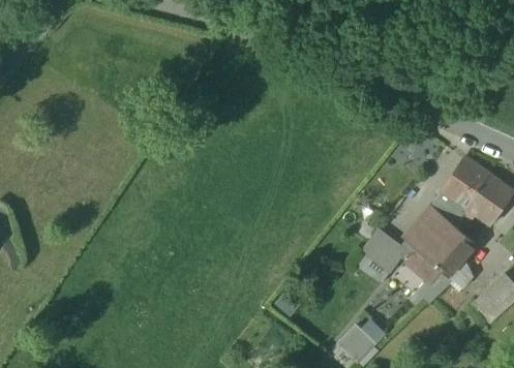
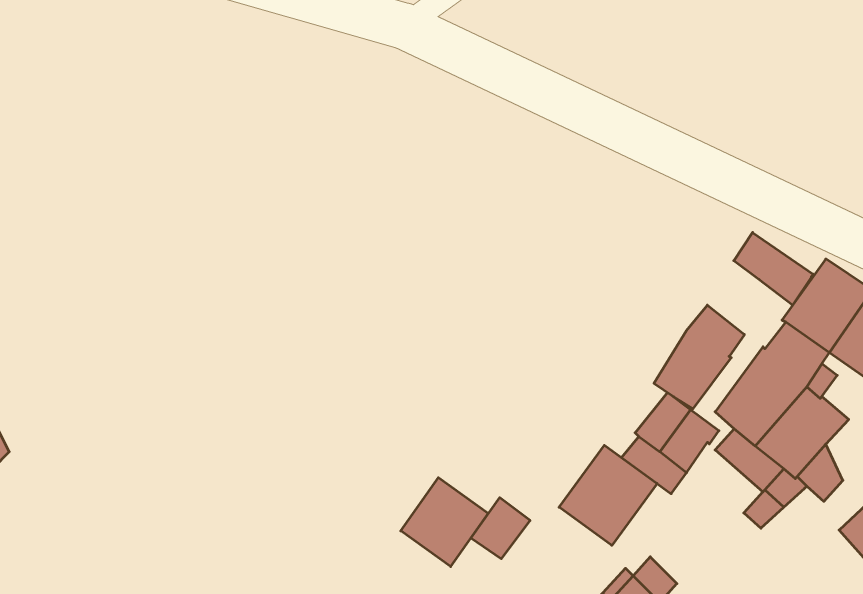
building: none -> [734,232,813,305]
building: none -> [654,305,744,409]
building: none -> [559,445,657,545]
building: none -> [401,478,488,567]

